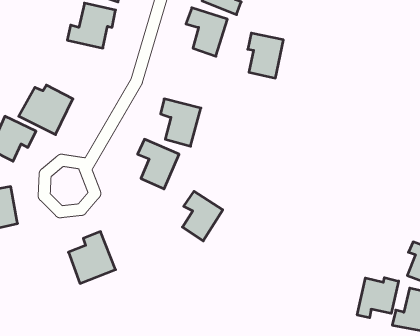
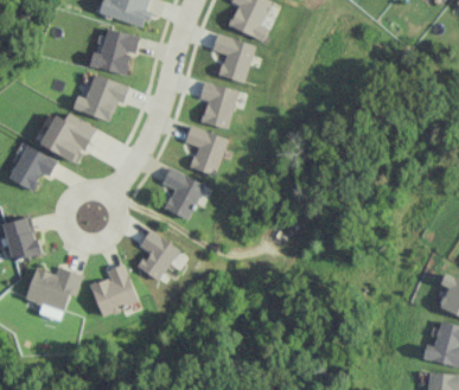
building: [248,33,283,78] -> [198,82,235,128]
building: none -> [70,73,127,121]
building: [182,191,223,241] -> [136,230,178,281]
building: none -> [25,267,81,311]
building: [357,278,399,318] -> none

